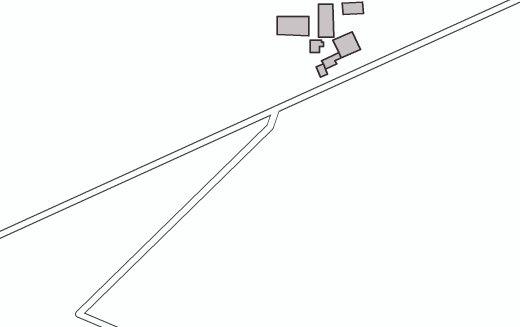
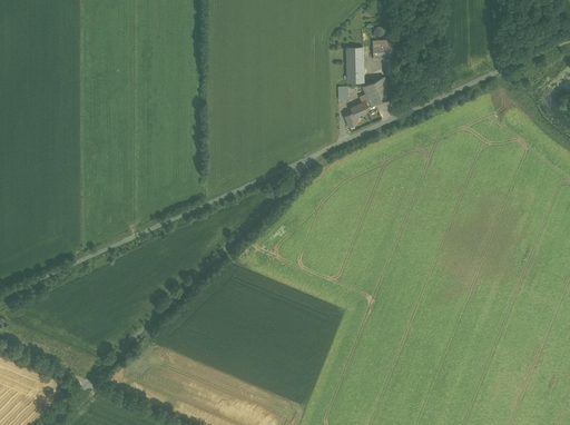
building: [277,17,309,36] -> none

